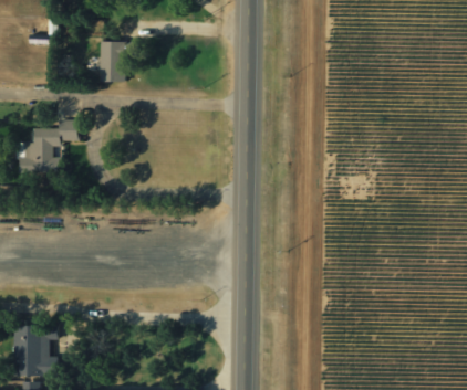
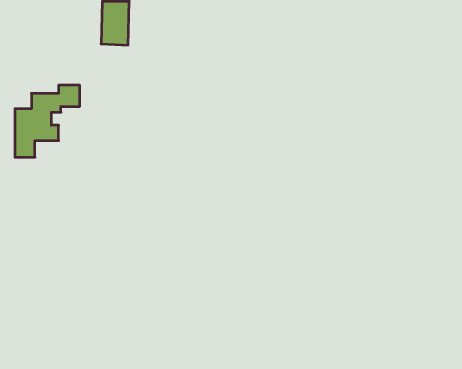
building: [11,325,56,376] -> none

